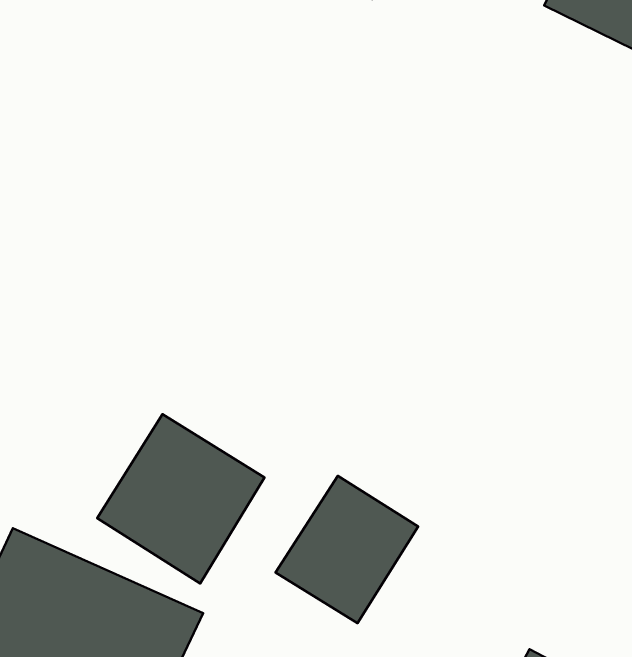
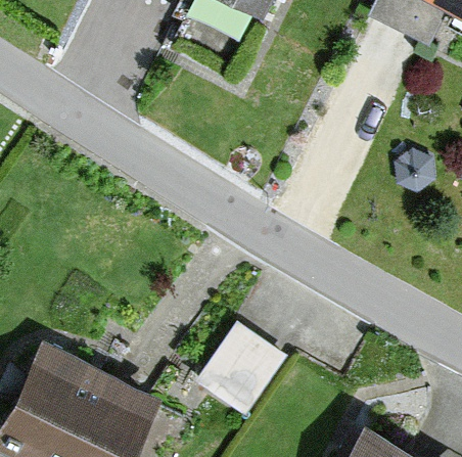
building: [97,414,265,584] -> none

